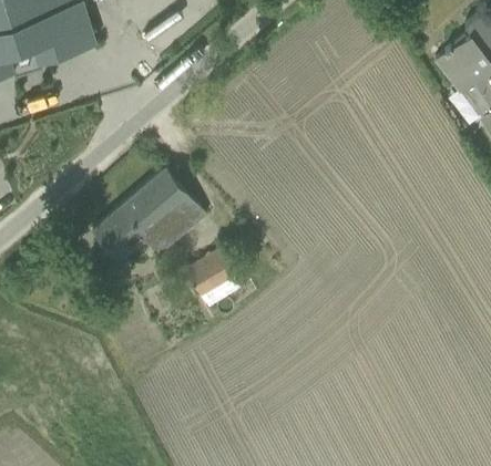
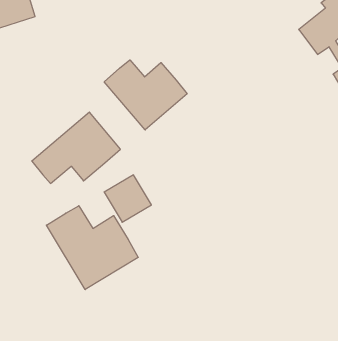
building: none -> [104,60,187,130]
building: none -> [46,206,138,290]

